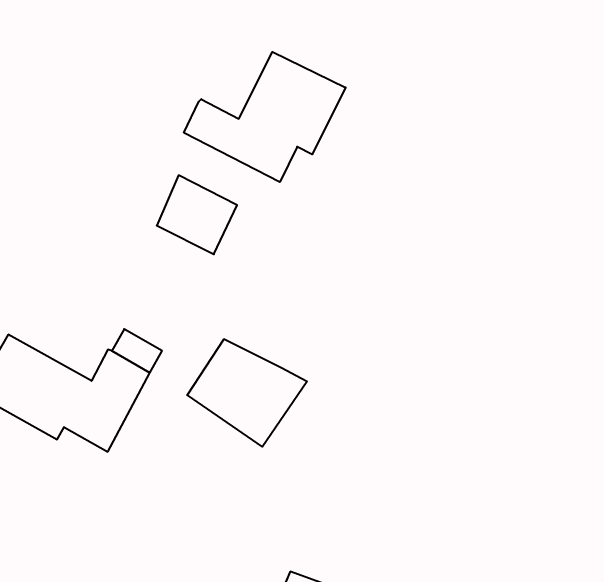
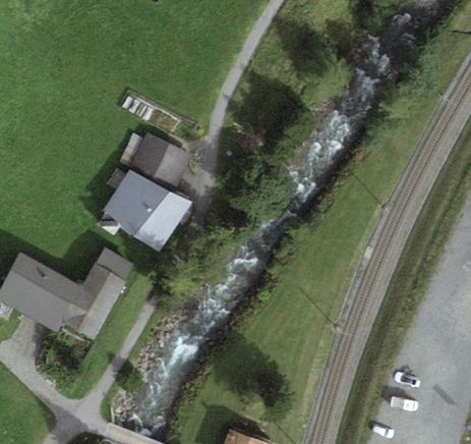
building: [184,52,346,182] -> none
building: [187,339,307,447] -> [102,170,191,251]

